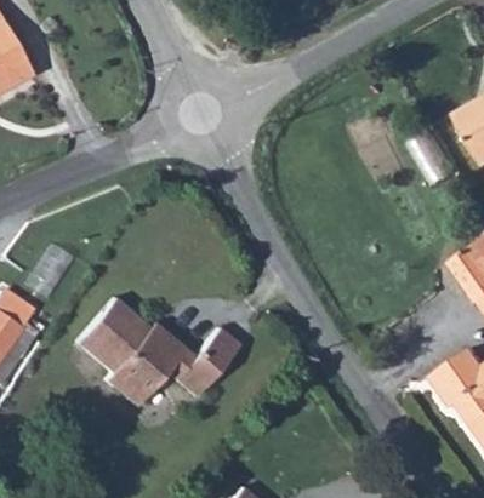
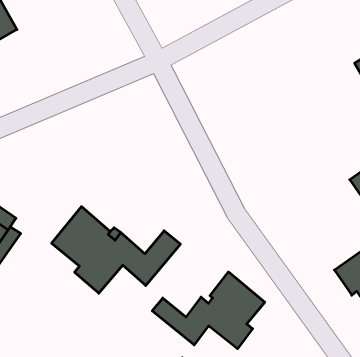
building: none -> [152,272,265,349]

